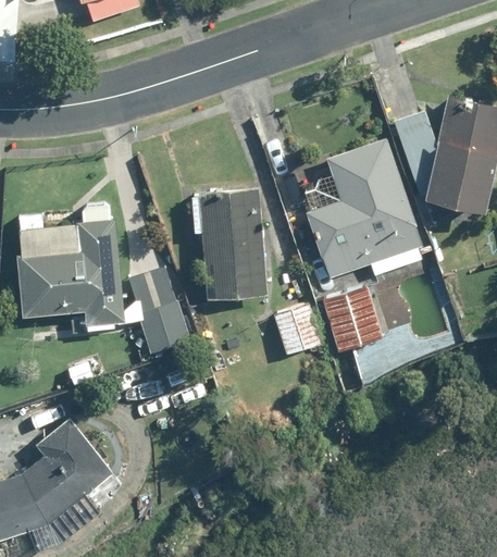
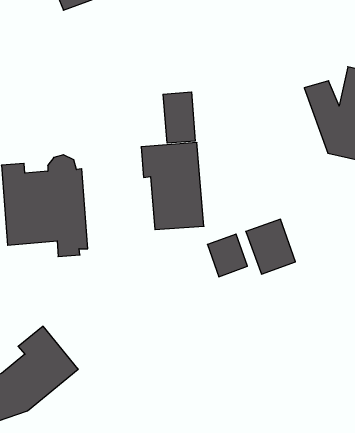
building: none -> [163,92,195,143]
building: [305,136,426,282] -> none
building: [128,268,190,352] -> none

